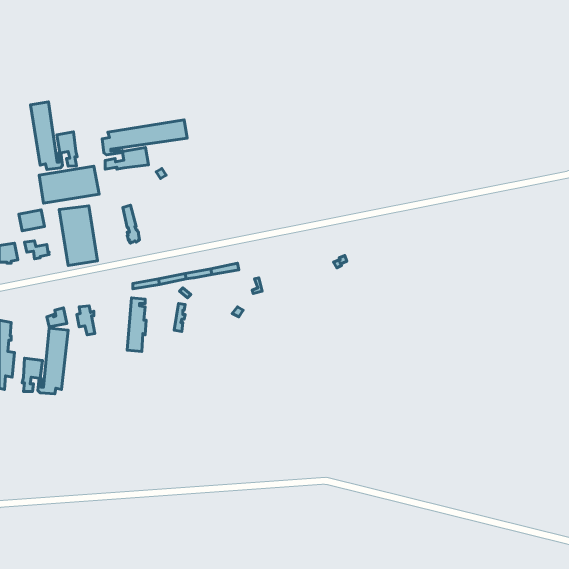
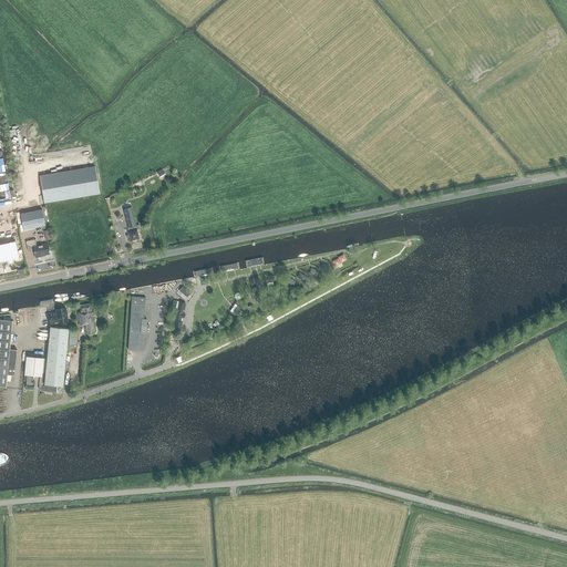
building: [31,102,77,169] -> none
building: [102,120,187,169] -> none
building: [59,206,97,266] -> none

